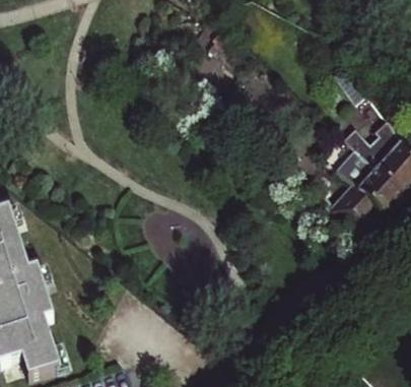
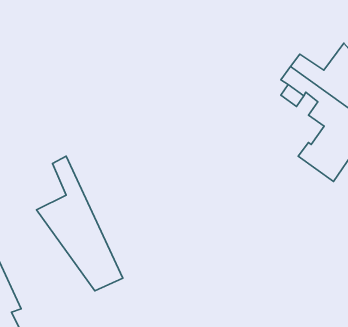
building: none -> [36,156,123,291]

